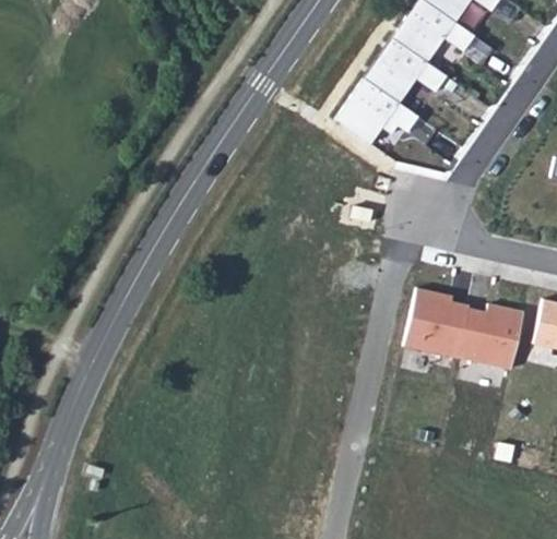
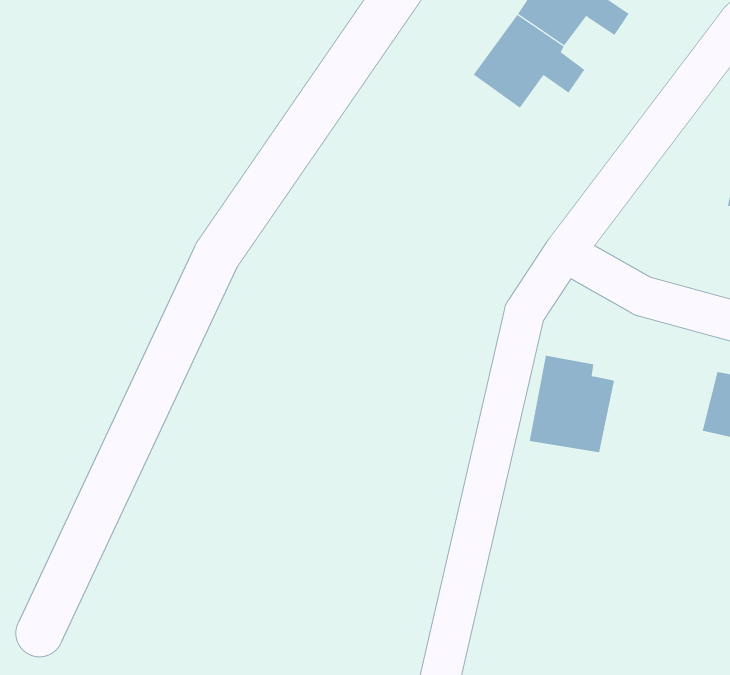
building: [335,80,417,143] -> none
building: [458,301,521,370] -> none

